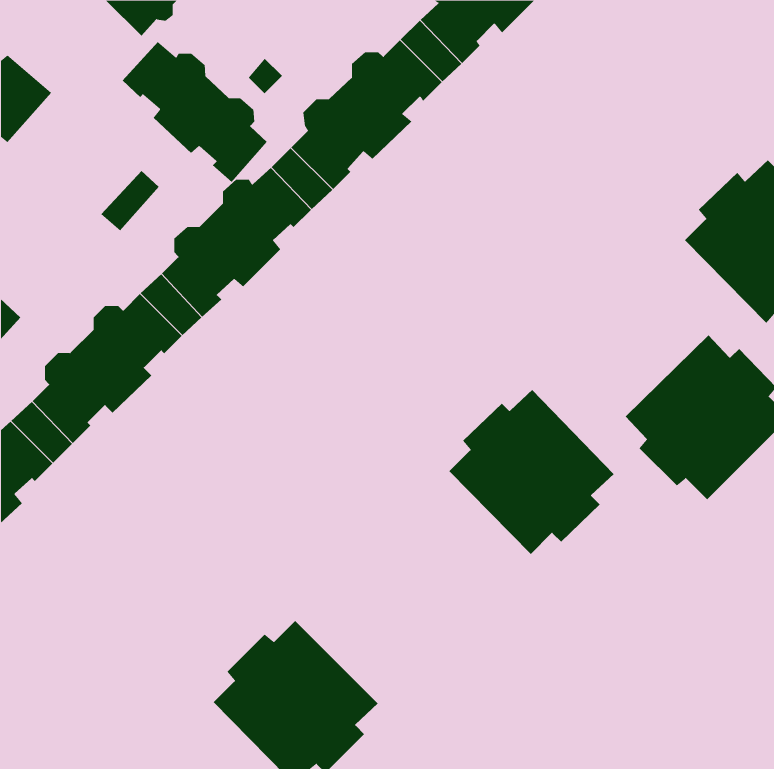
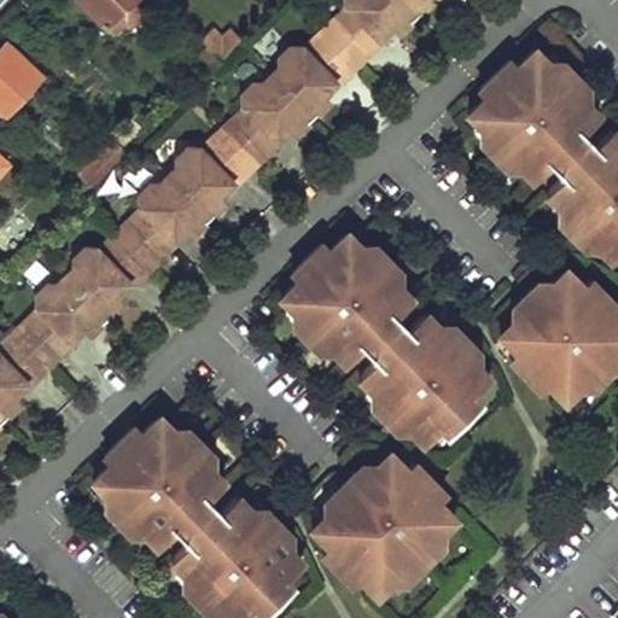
building: [122,41,268,183] -> none
building: none -> [467,52,597,182]
building: none -> [280,235,410,366]
building: none -> [92,419,223,550]
building: none -> [311,456,454,599]

